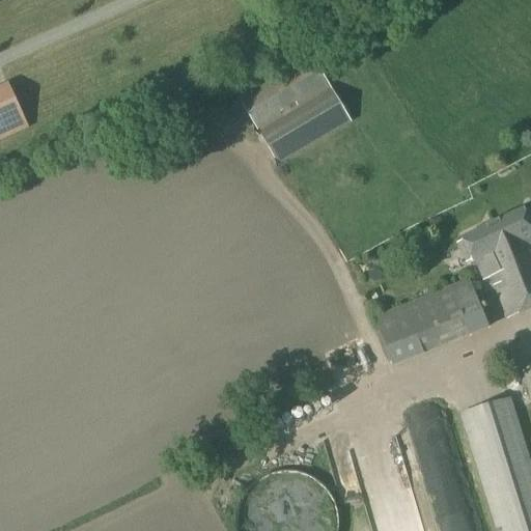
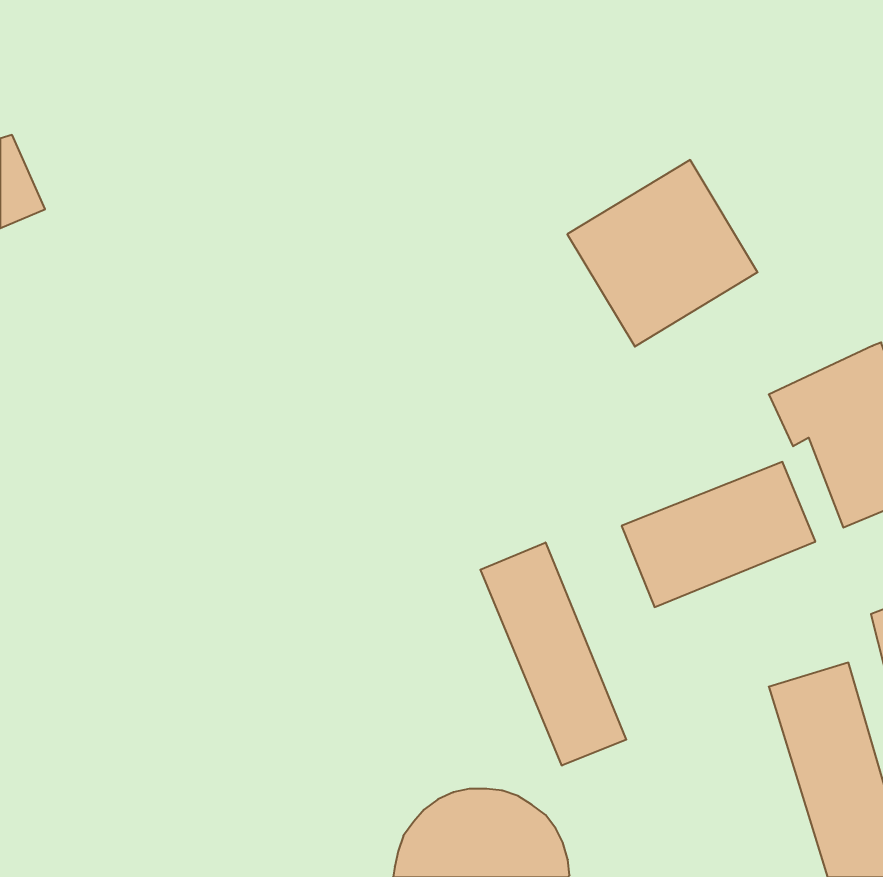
building: [237,52,352,164] -> [567,160,758,347]
building: none -> [480,542,626,766]

